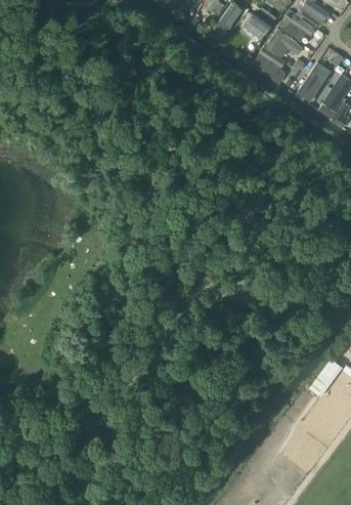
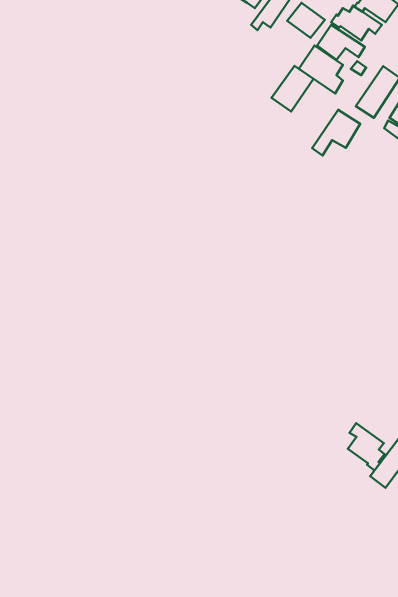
building: none -> [271,66,313,112]
building: none -> [312,110,360,156]
building: none -> [348,423,384,471]

